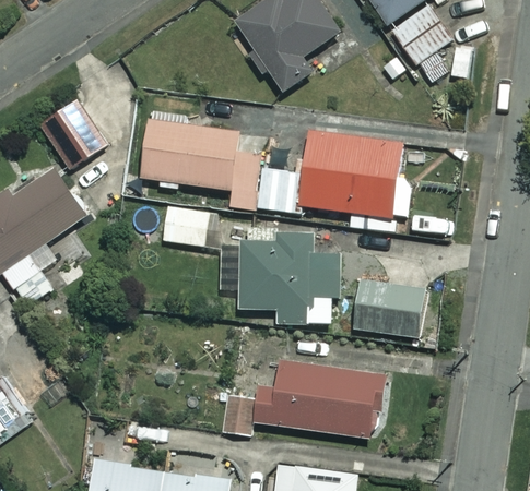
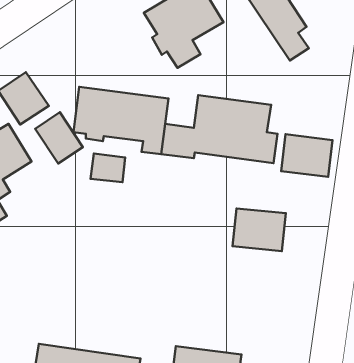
building: none -> [35,112,83,164]
building: none -> [281,134,332,177]
building: [236,232,340,326] -> none
building: [226,359,387,438] -> none

